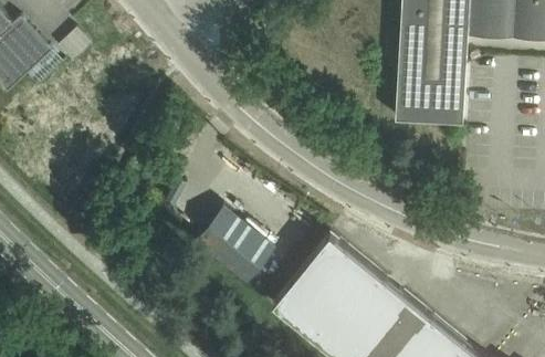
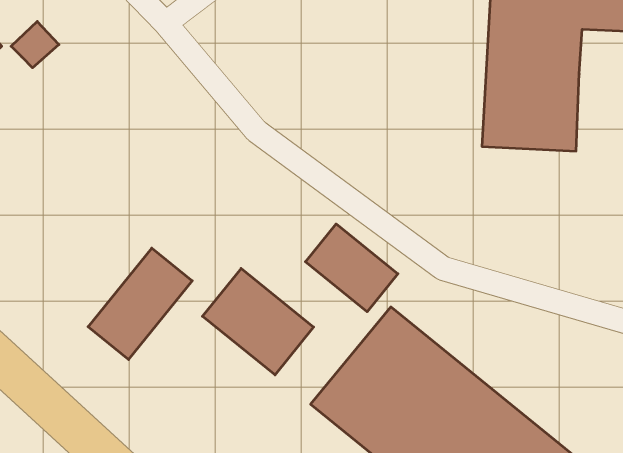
building: none -> [305,224,398,312]
building: none -> [88,248,192,360]

